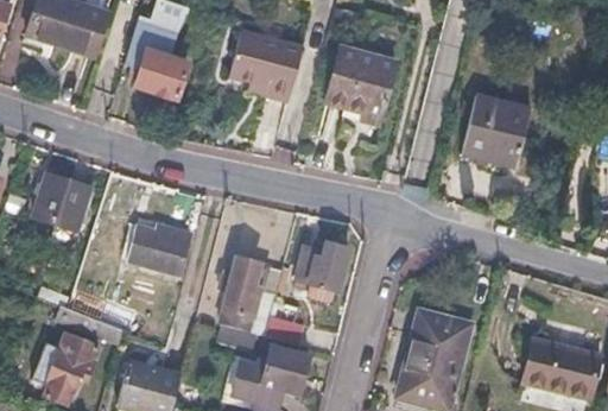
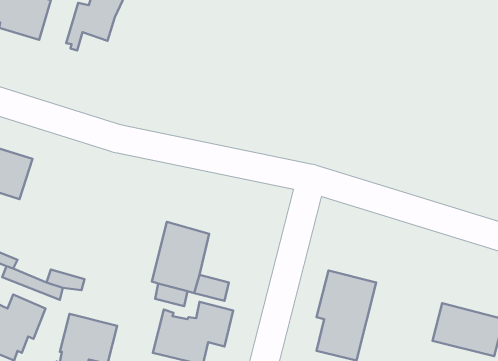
building: [229,37,303,108] -> none
building: [134,46,188,97] -> none
building: [329,48,397,124] -> none
building: [462,95,536,167] -> none
building: [122,222,186,276] -> none
building: [296,244,348,287] -> none

